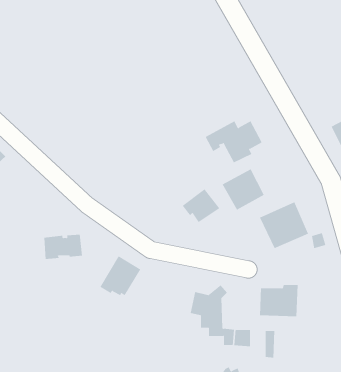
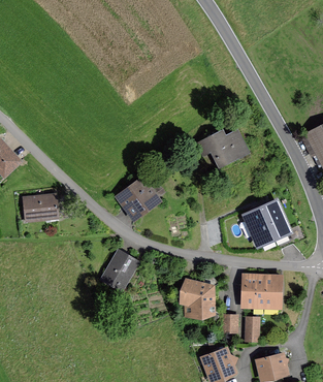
building: [222,169,264,211] -> none
building: [182,188,220,223] -> [121,182,155,213]
building: [44,234,83,259] -> [23,194,58,217]

